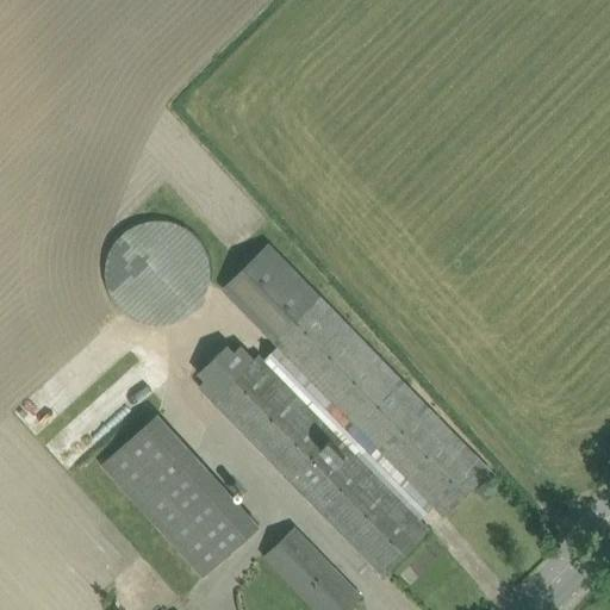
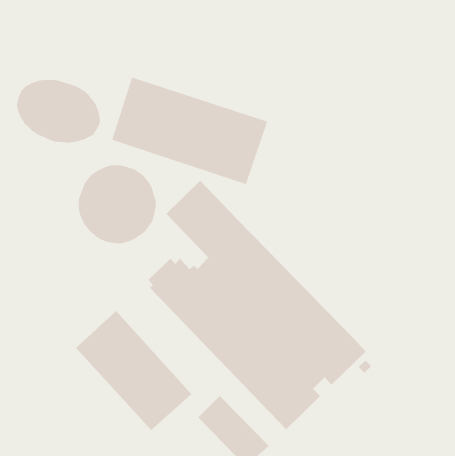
building: none -> [111,76,268,185]
building: none -> [16,79,101,143]

